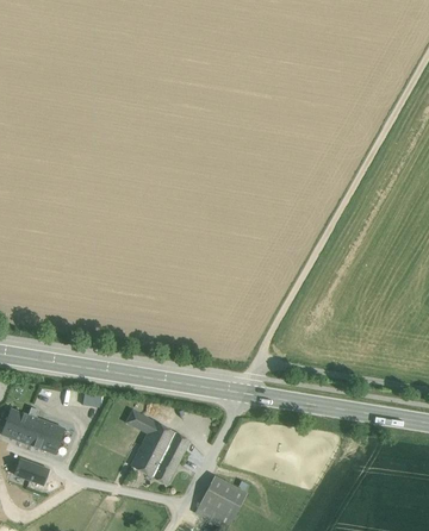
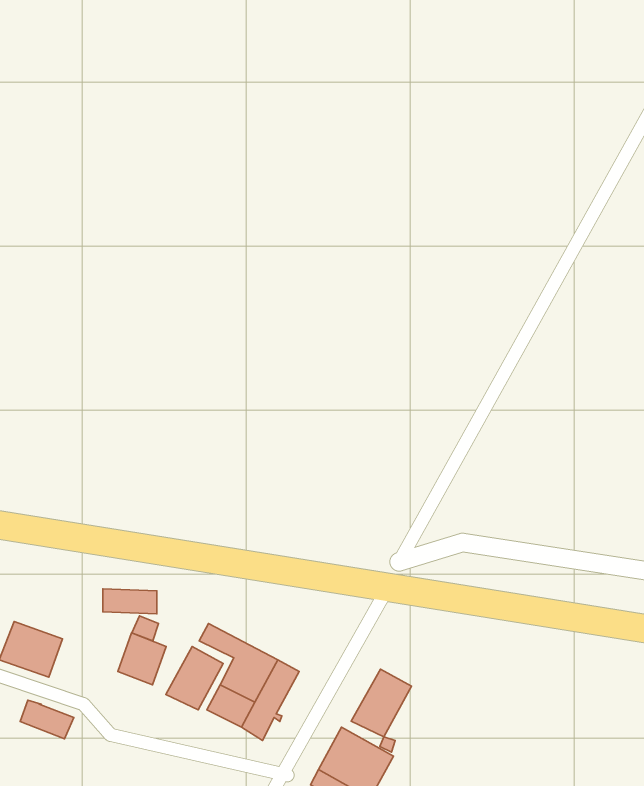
building: [33,420,63,452] -> [118,633,166,685]
building: none -> [166,647,223,710]
building: none -> [351,669,411,737]

